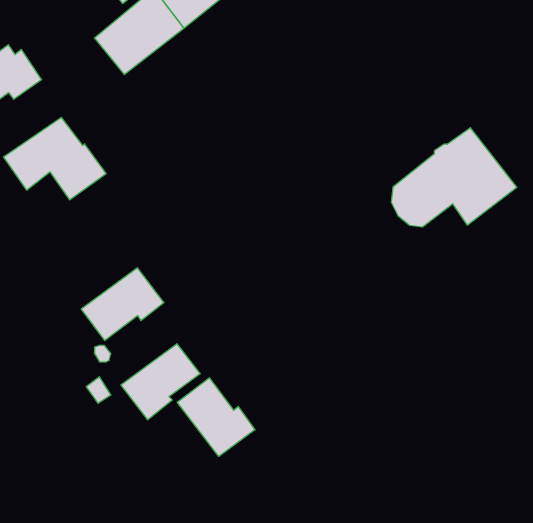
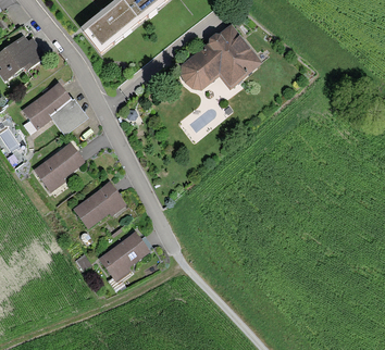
building: [391,128,517,227] -> [179,24,262,89]
building: none -> [33,141,85,192]
building: [177,378,255,456] -> none

